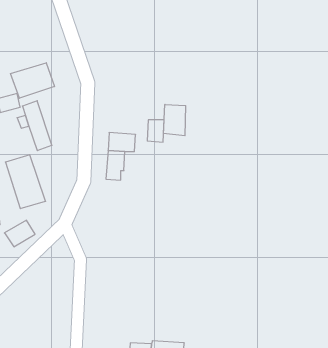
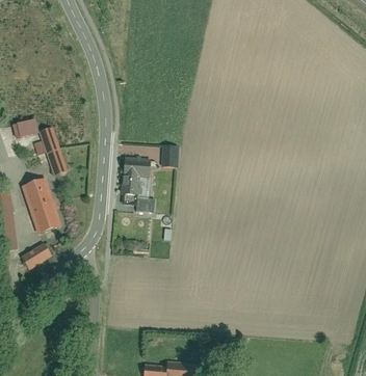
building: [11,63,54,98] -> none
building: [163,104,186,136] -> none

